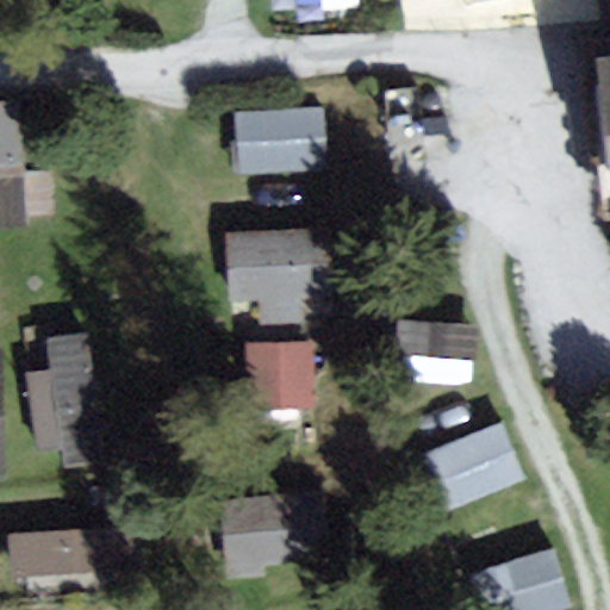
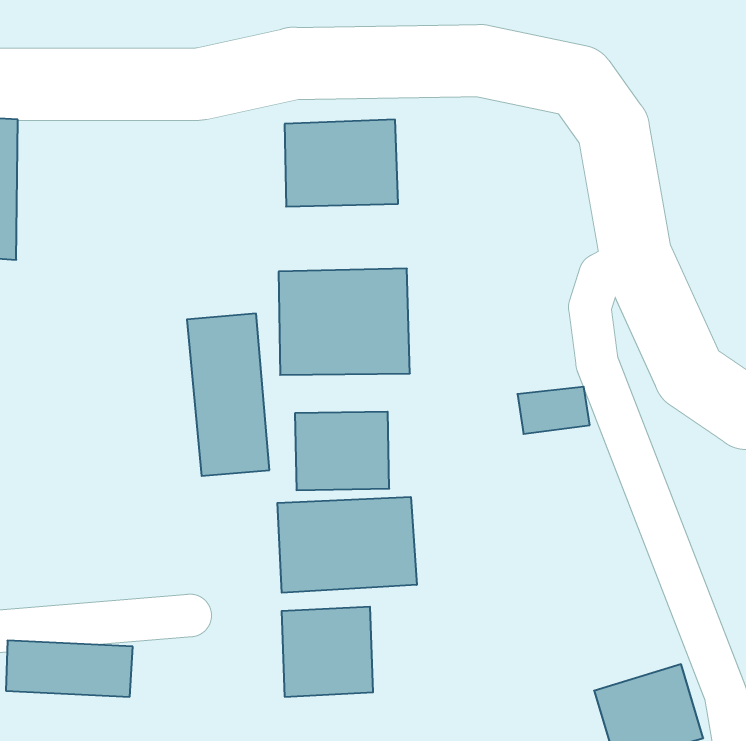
building: [31,331,98,462] -> [187,314,269,476]
building: none -> [277,497,417,593]
building: [431,424,523,510] -> none

